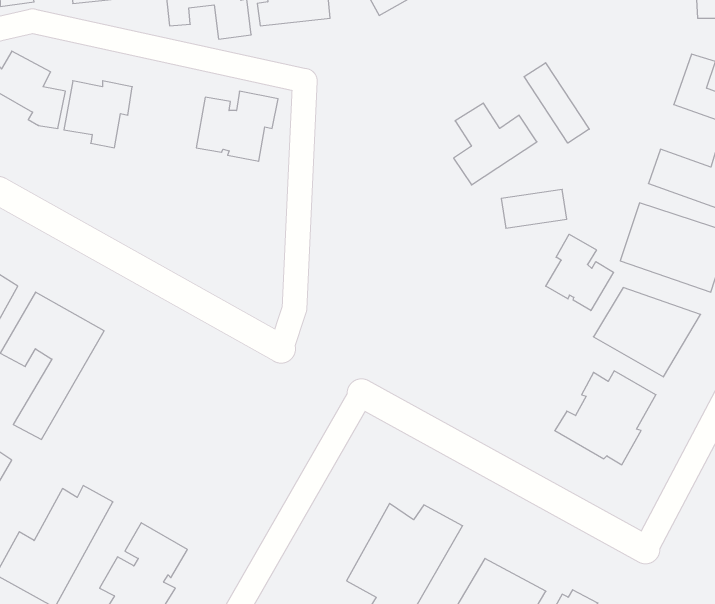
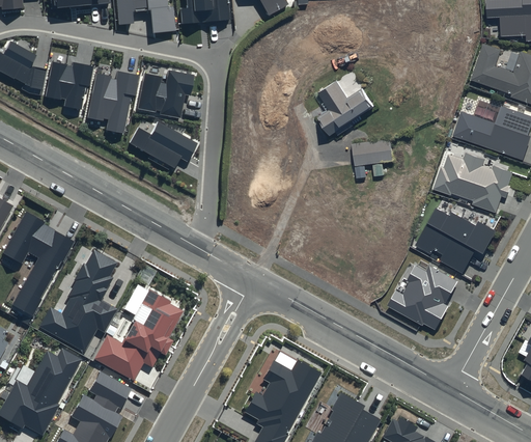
building: [524,63,589,143] -> none
building: none -> [87,71,140,133]
building: none -> [130,120,198,168]
building: [546,234,614,311] -> none
building: none -> [37,247,115,347]
building: none -> [95,288,181,377]

